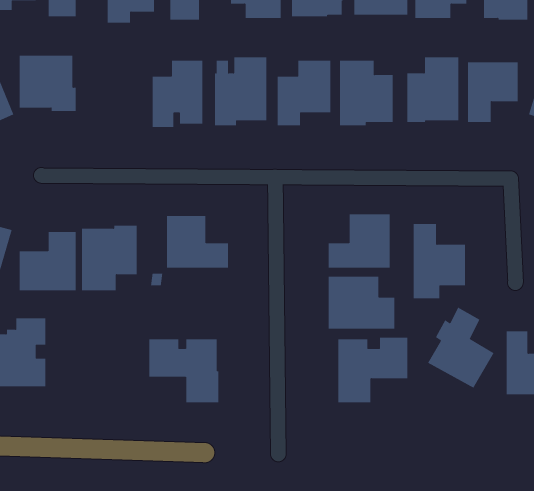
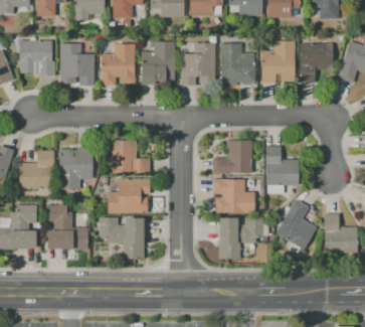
building: none -> [59,43,94,85]
building: none -> [108,179,149,213]
building: none -> [47,205,88,249]

